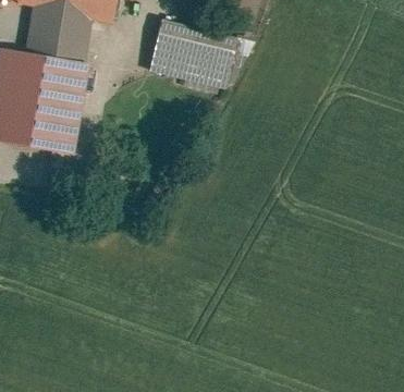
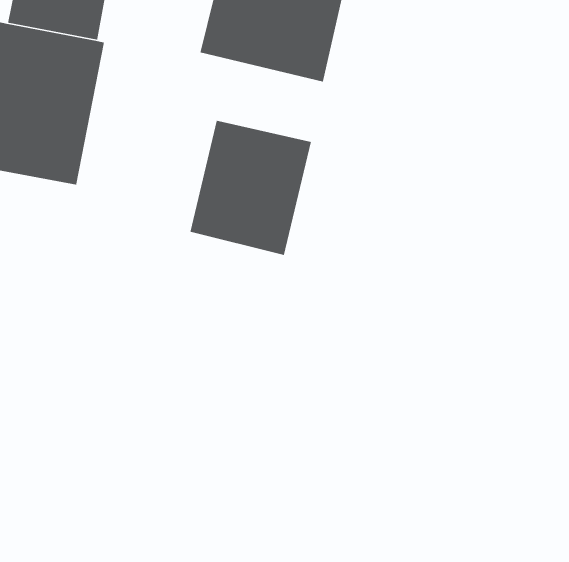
building: none -> [190,120,312,256]

